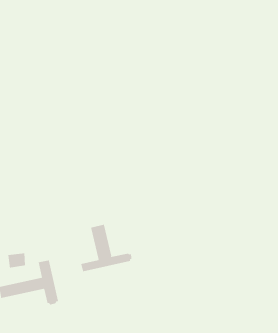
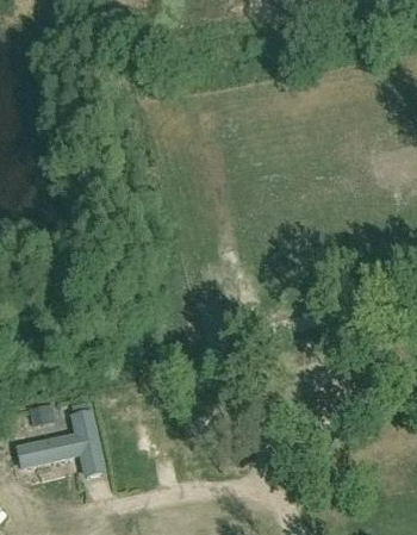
building: [81,224,132,272] -> none

